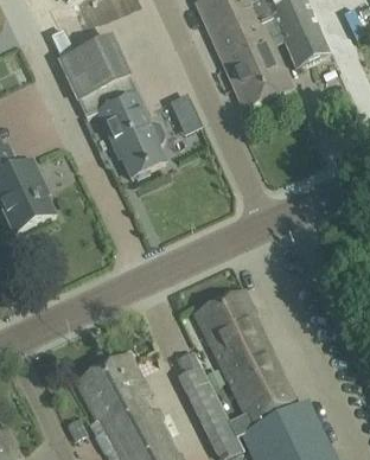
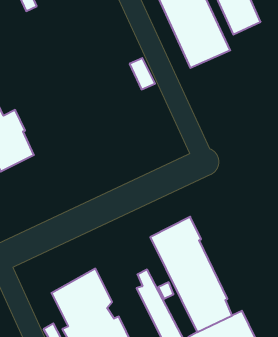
building: [58,36,165,178] -> none

